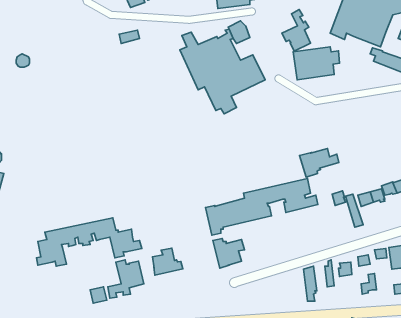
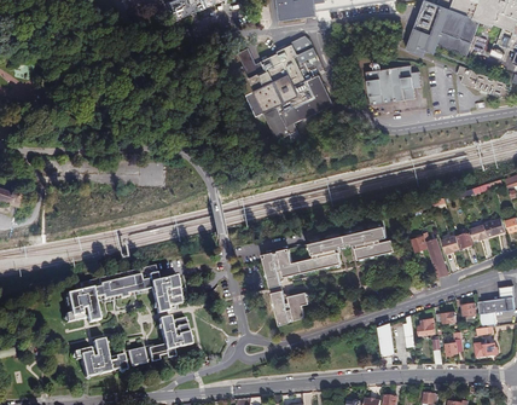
building: [282,9,310,51] -> none
building: [300,149,339,177] -> none
building: [152,248,183,275] -> none
building: none -> [74,339,127,377]

